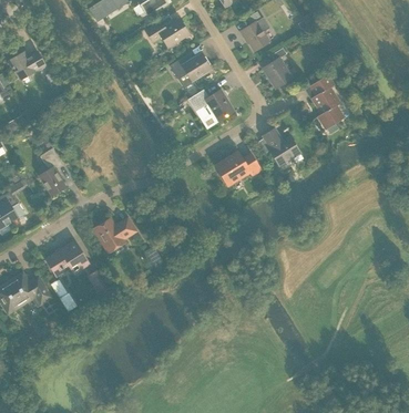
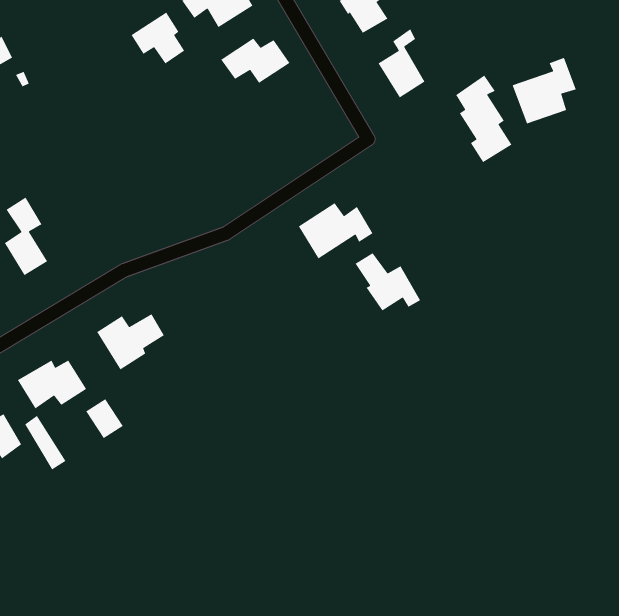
building: none -> [131,11,185,64]
building: none -> [511,57,577,124]
building: [188,90,234,121] -> none
building: [263,130,303,165] -> [354,252,421,311]

